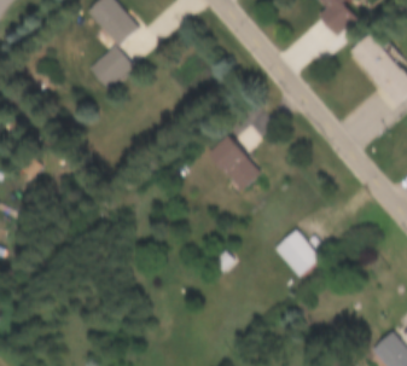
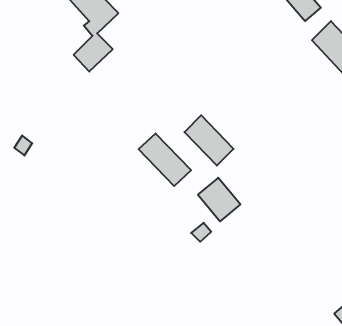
building: none -> [139,133,191,186]
building: [277,230,322,277] -> [198,178,240,221]

